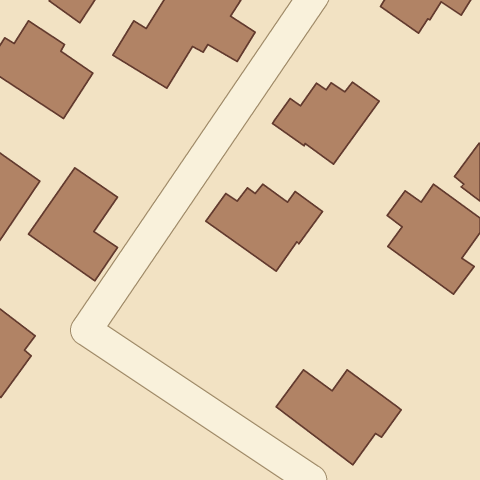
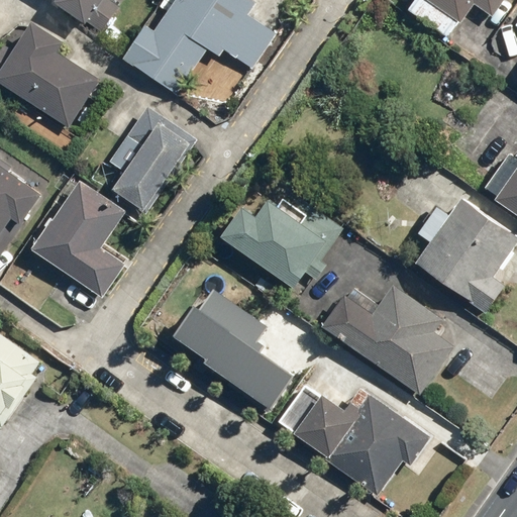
building: [272,82,379,164] -> none
building: none -> [108,105,194,211]
building: none -> [322,284,452,395]
building: none -> [178,289,299,409]

